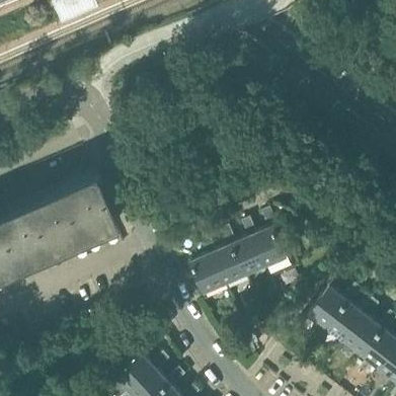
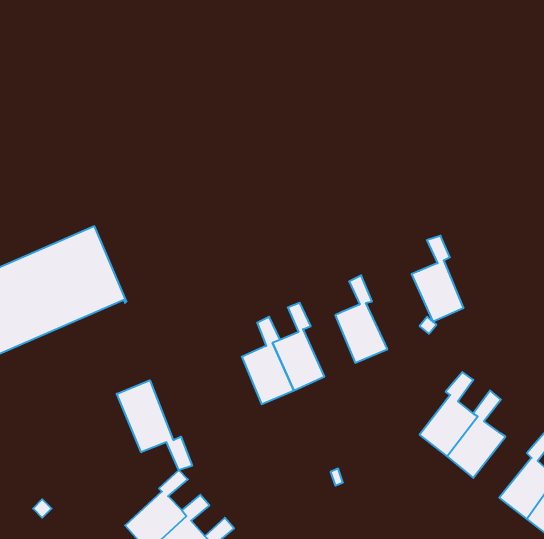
building: [234,224,268,281] -> [412,236,464,322]
building: none -> [117,380,192,470]
building: [346,305,385,361] -> none

